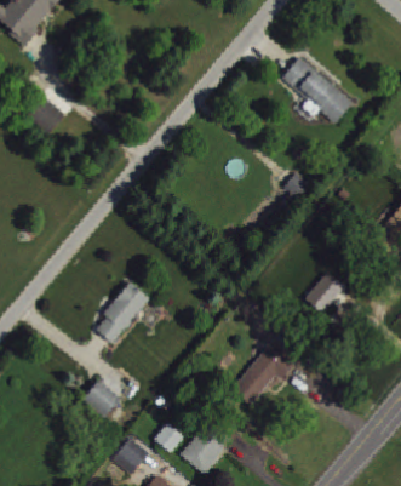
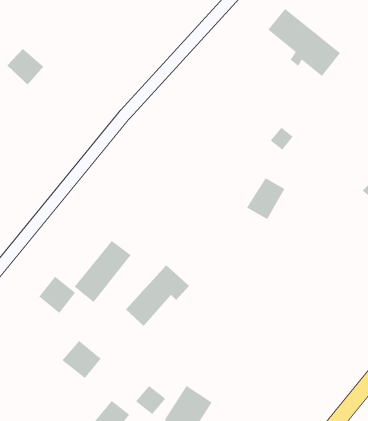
building: [304,271,342,313] -> [246,177,285,220]
building: none -> [39,276,76,314]
building: [230,344,293,405] -> [125,265,190,327]

